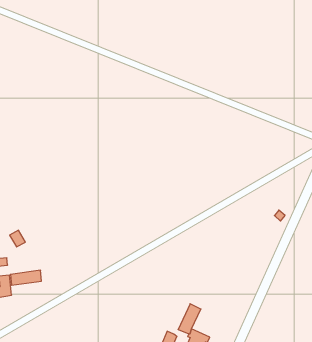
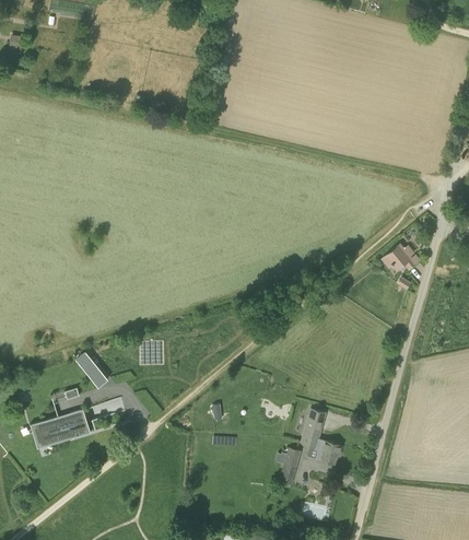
building: none -> [382,245,419,270]

